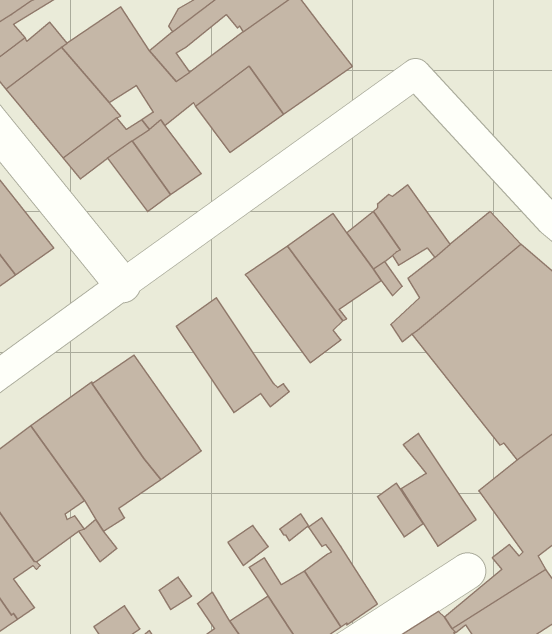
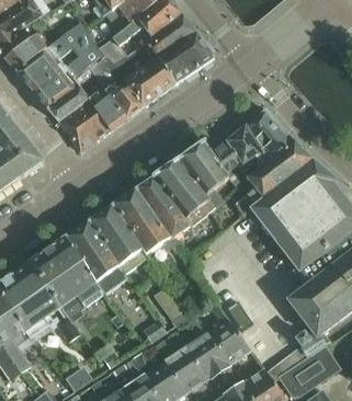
building: none -> [106,77,144,117]
building: none -> [246,107,293,158]
building: none -> [59,108,96,150]
building: none -> [136,176,190,240]
building: none -> [89,205,148,273]
building: [401,433,476,546] -> [207,299,250,364]

